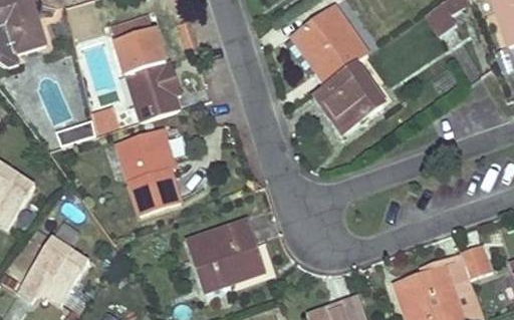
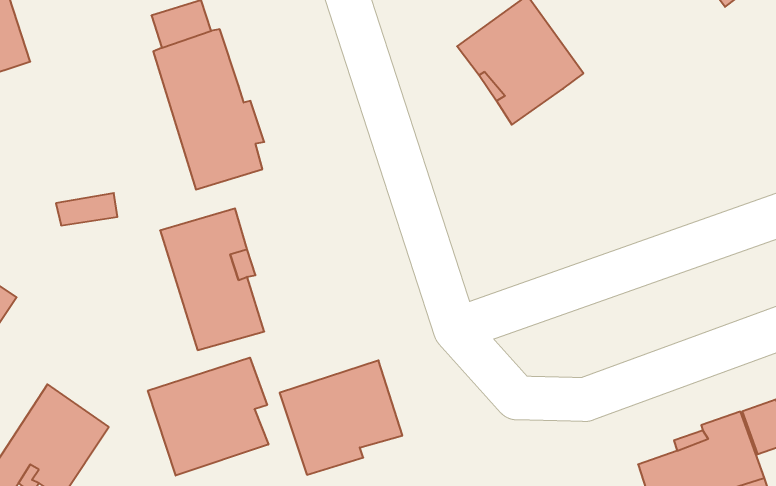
building: [313,61,384,132] -> none
building: none -> [148,358,268,476]

